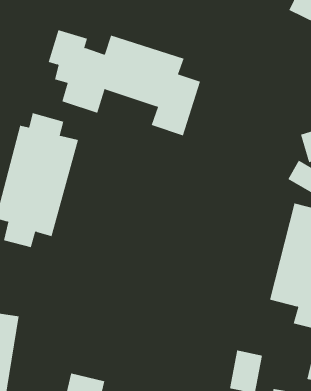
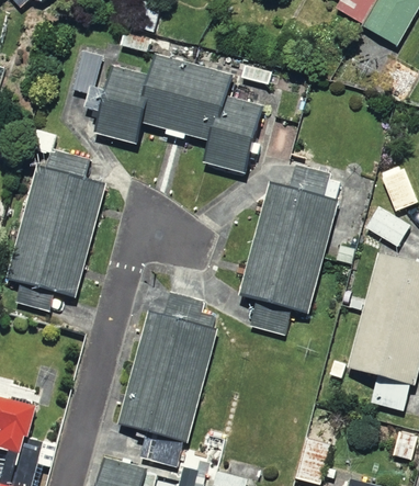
building: none -> [239,169,336,335]
building: none -> [117,302,210,465]

